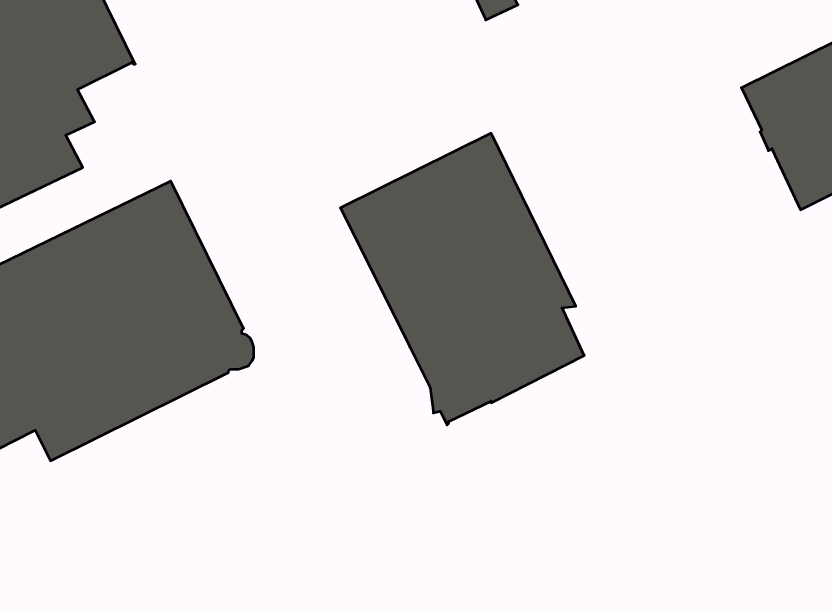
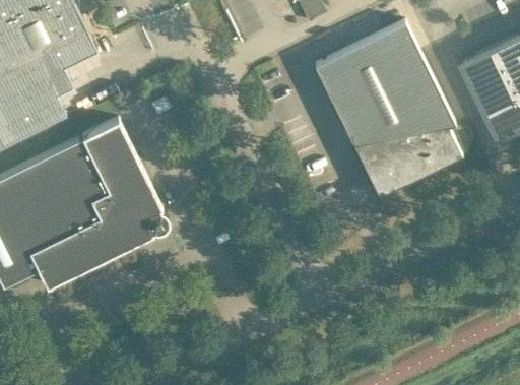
building: [340,133,584,425] -> [315,22,461,197]

